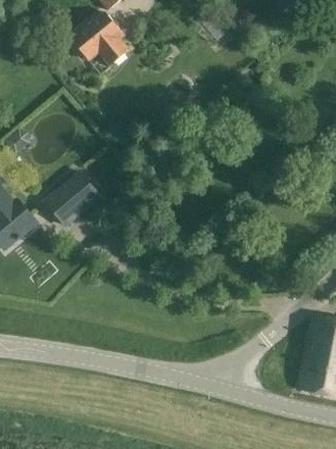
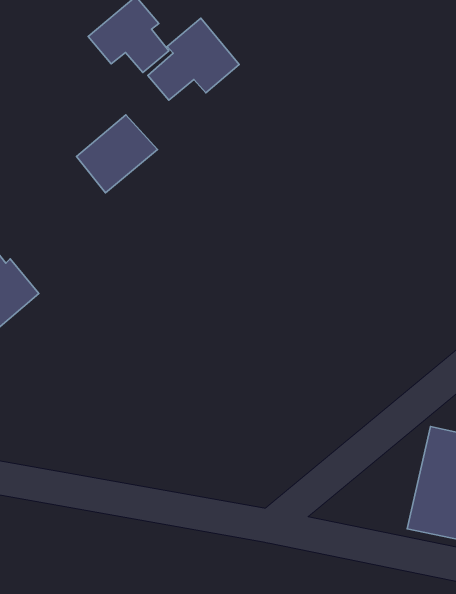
building: none -> [148,18,239,100]
building: [44,169,101,225] -> [77,115,157,193]

